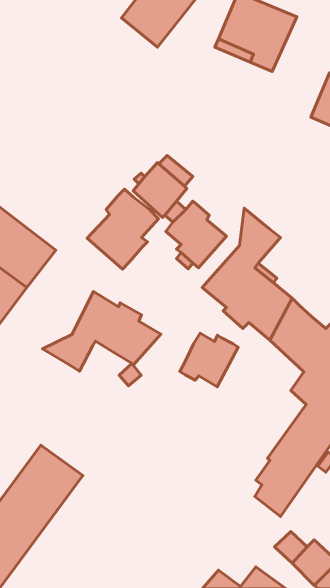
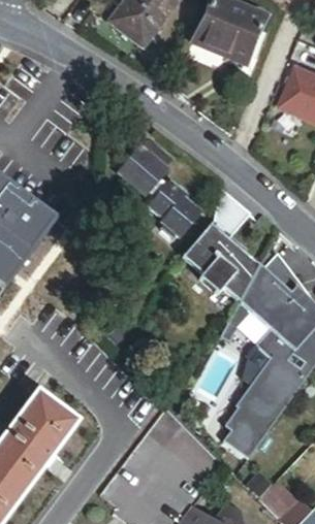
building: [87,189,158,269] -> none
building: [43,291,161,371] -> none
building: [180,333,238,387] -> none

